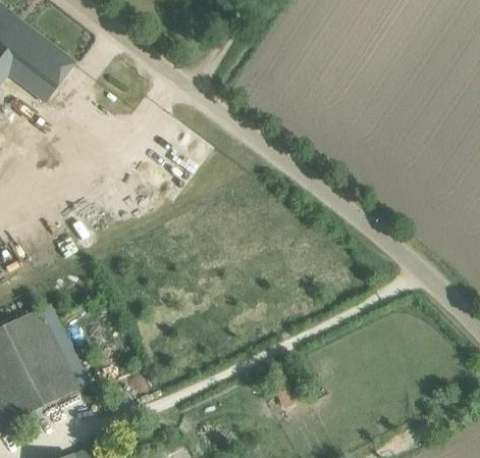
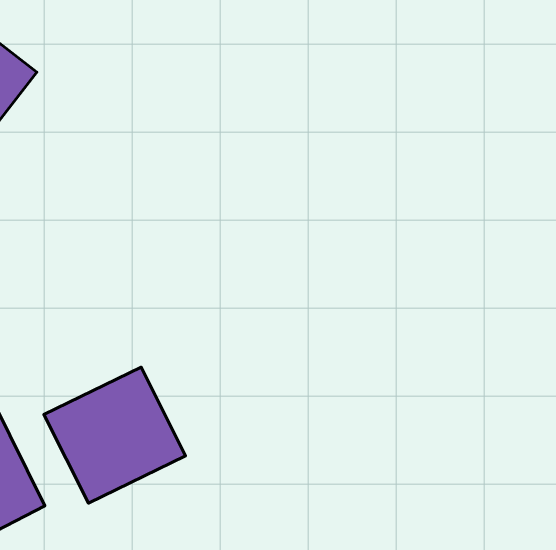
building: none -> [44,367,185,503]

